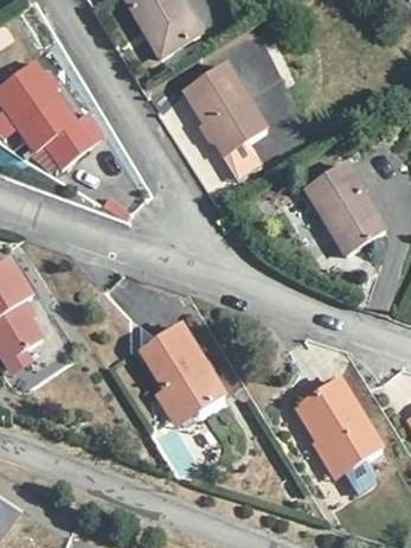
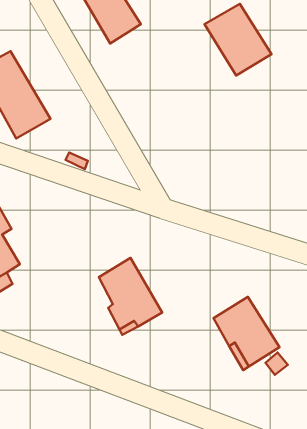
building: [182,66,268,158] -> [205,4,272,75]
building: [302,161,384,255] -> none

